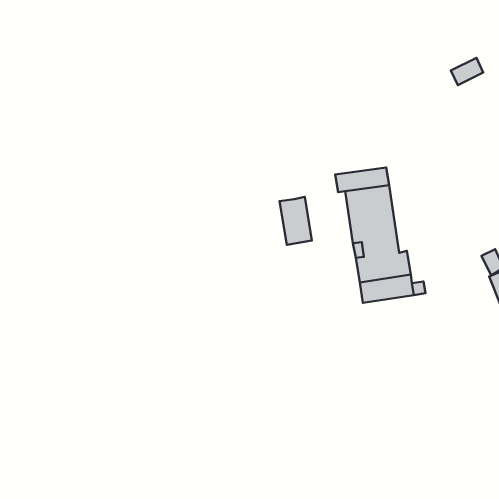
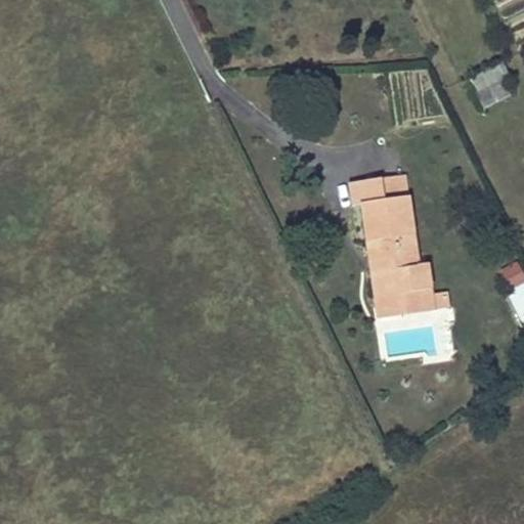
building: [280,197,312,245] -> none

